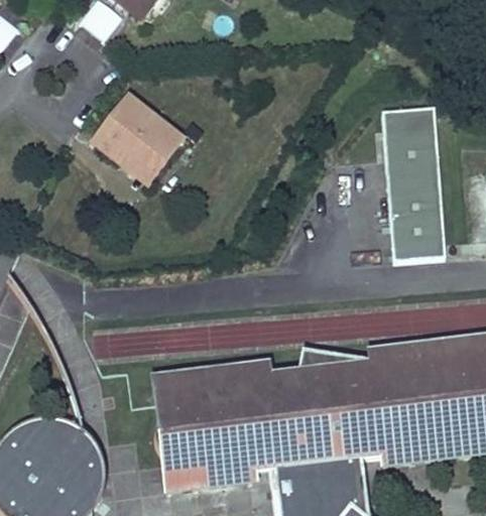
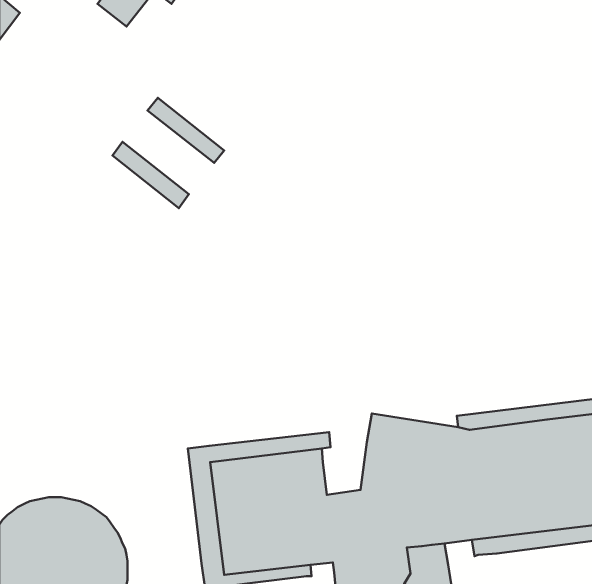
building: [101,107,174,174] -> none
building: [380,114,445,265] -> none
building: [261,374,297,416] -> none

